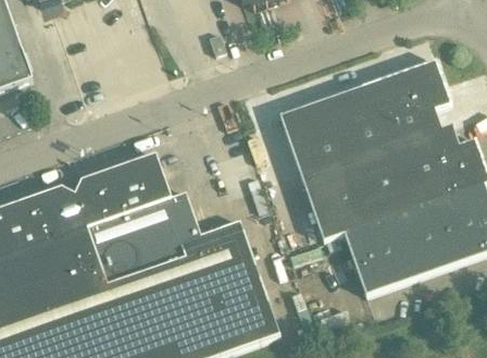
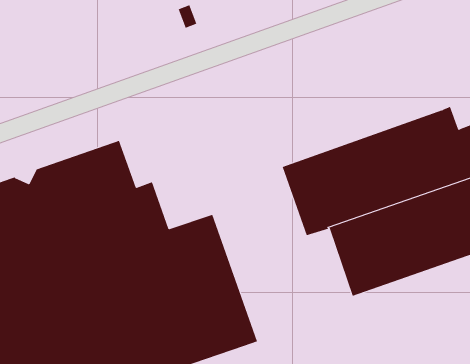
building: [278,60,449,177] -> none

